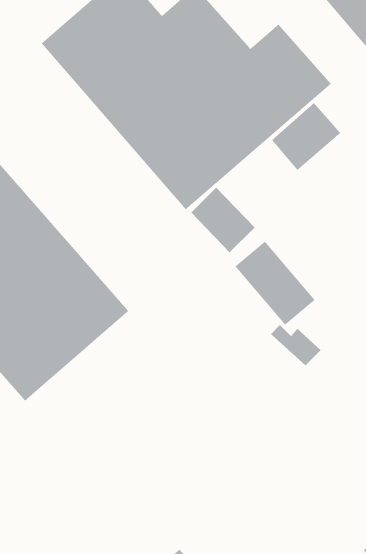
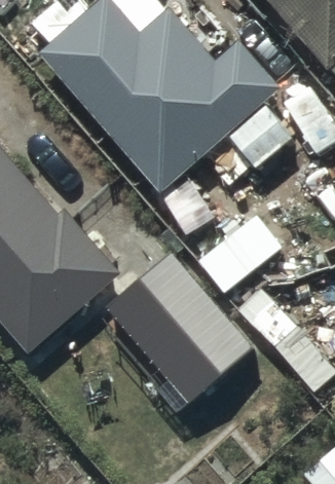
building: none -> [105,247,254,400]

